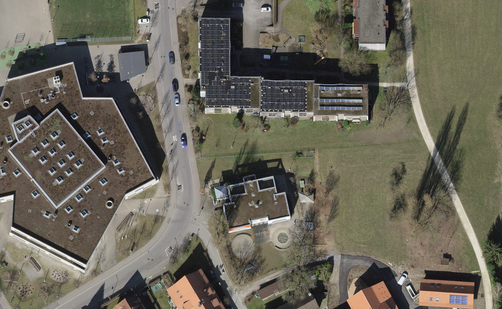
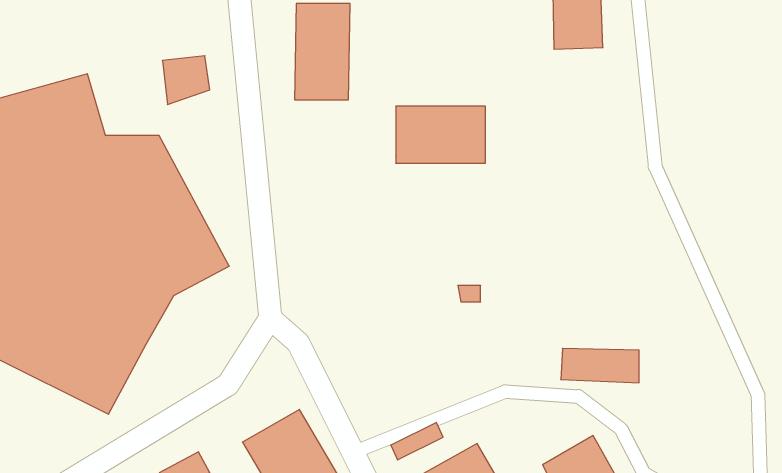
building: [198,77,260,111] -> none
building: [315,84,369,119] -> none
building: [216,173,291,230] -> none
building: [422,281,470,302] -> [561,348,639,383]

